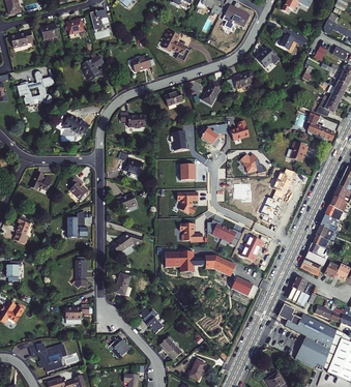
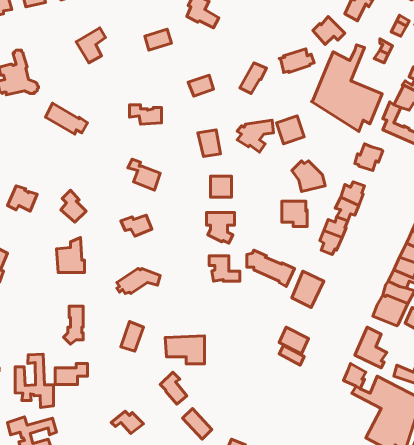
building: none -> [312,45,382,132]
building: [165,250,194,271] -> [165,336,204,364]
building: [205,255,235,276] -> none
building: none -> [15,354,54,407]

